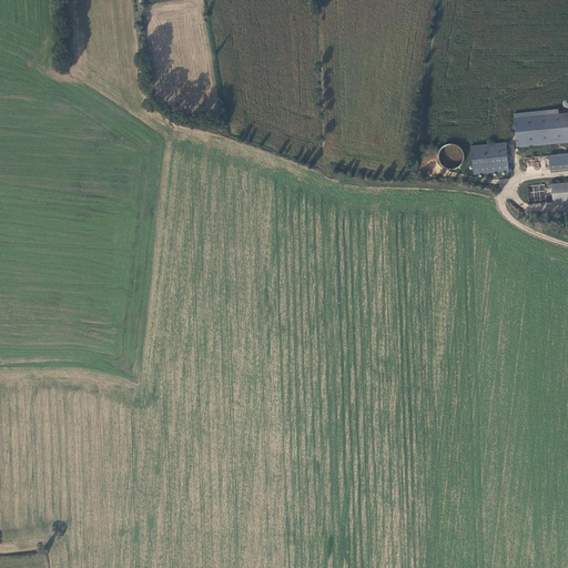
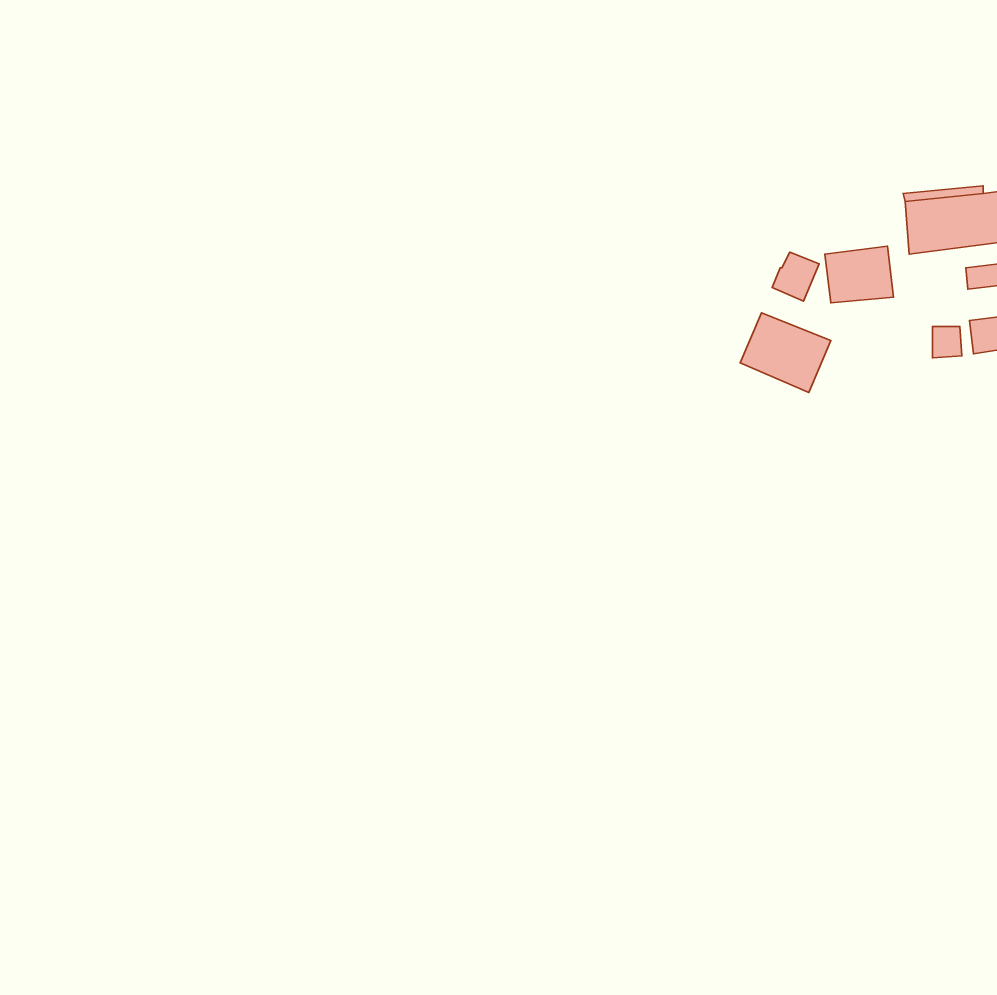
building: none -> [740,313,831,392]

